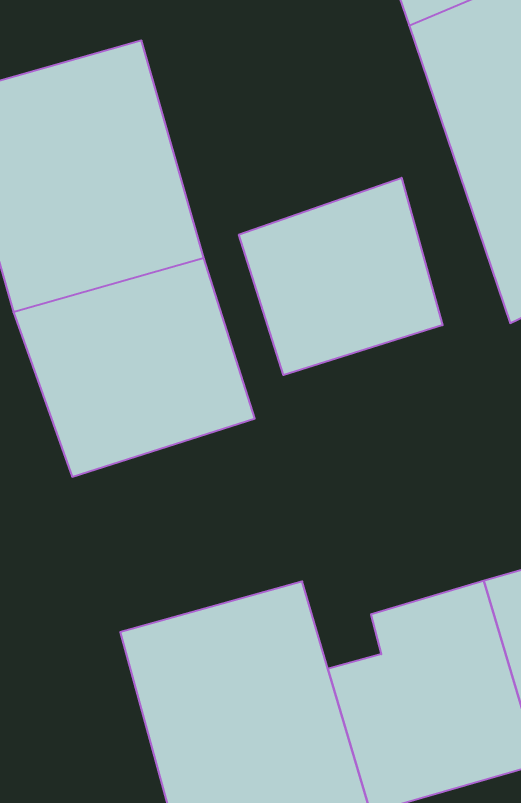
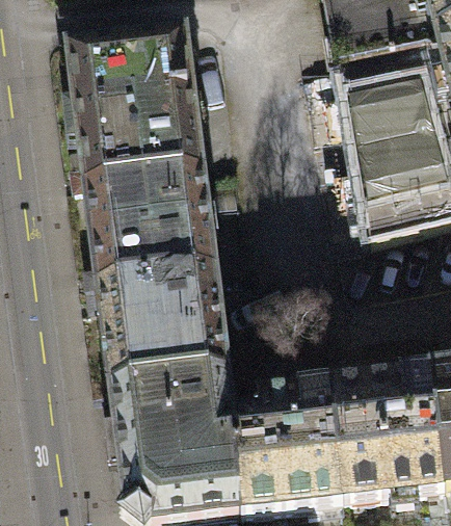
building: [239,178,443,375] -> none
building: none -> [106,267,229,377]

